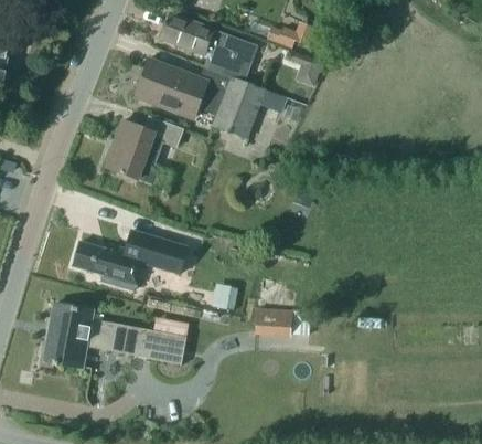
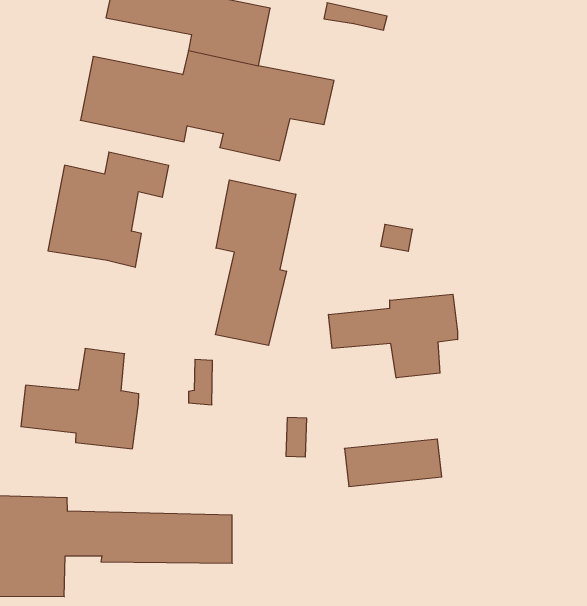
building: none -> [216,180,296,345]
building: none -> [329,294,458,378]
building: [133,233,174,269] -> none

